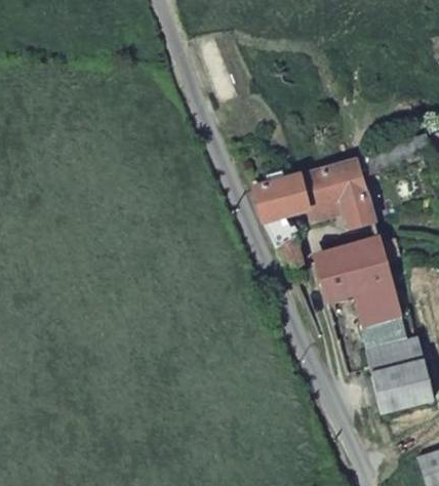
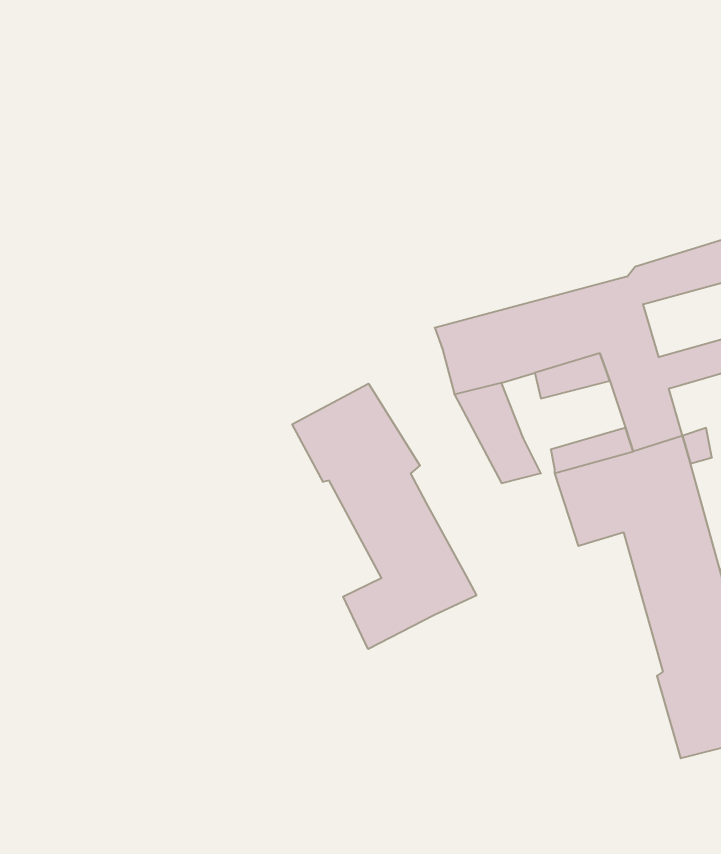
building: none -> [292,384,476,649]

